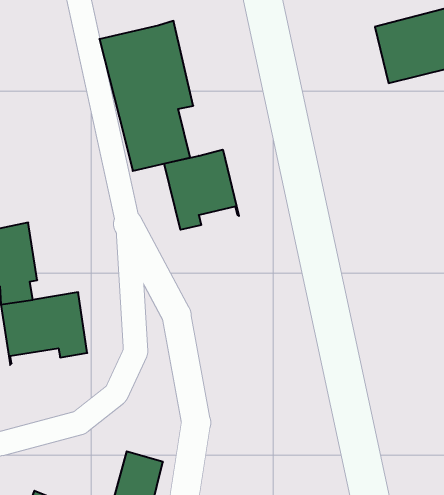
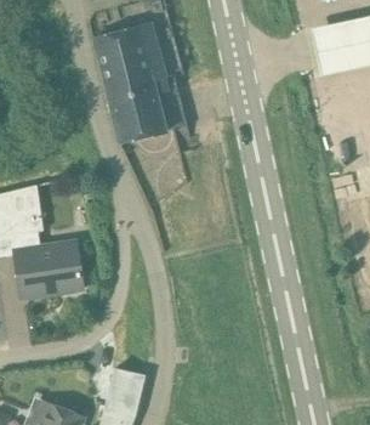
building: [164,150,239,230] -> none

